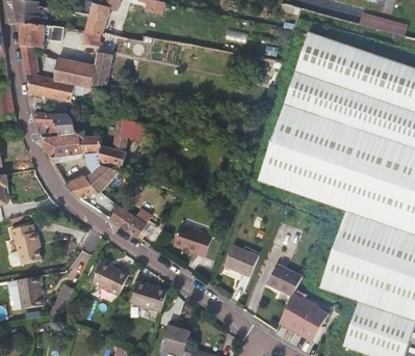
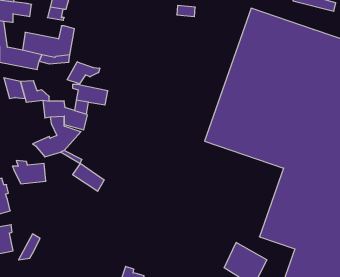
building: none -> [67,62,100,84]
building: [41,132,78,158] -> [12,161,46,184]
building: [172,224,211,255] -> none
building: [224,245,257,276] -> none
building: [93,258,129,291] -> none
building: [267,265,301,296] -> none
building: [130,279,166,310] -> none

